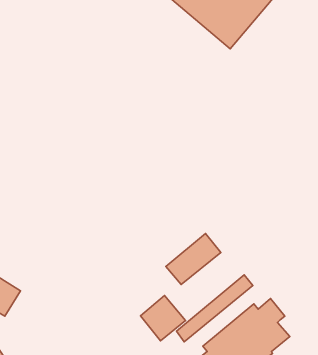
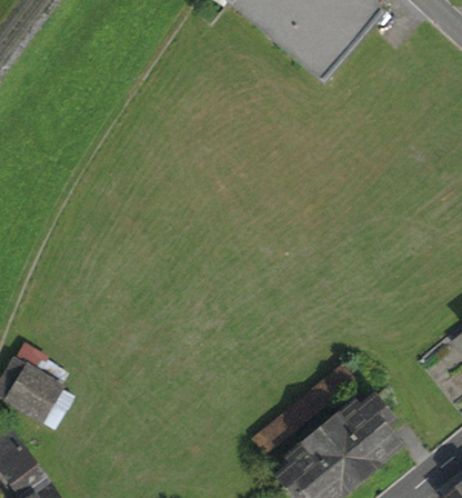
building: [166,234,221,284] -> none
building: [141,296,185,341] -> none

